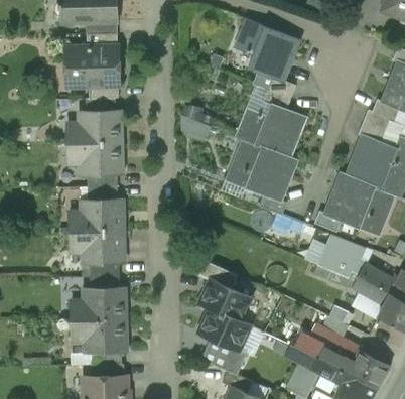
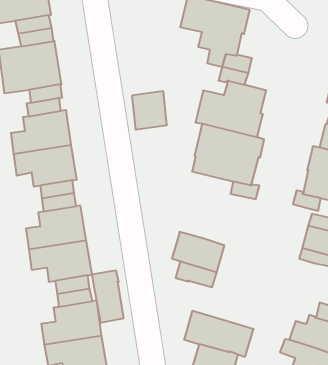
building: none -> [92,270,124,323]
building: [199,279,249,320] -> [172,232,224,272]

